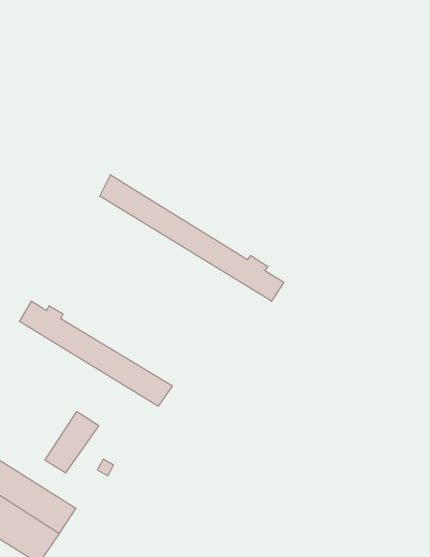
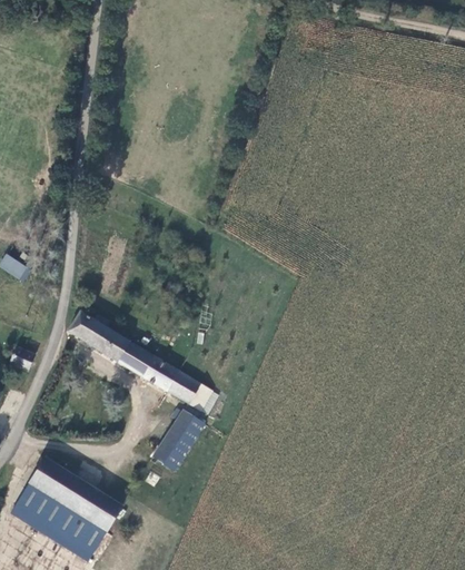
building: [100,175,284,301] -> none
building: [45,412,99,473] -> [152,411,204,469]

